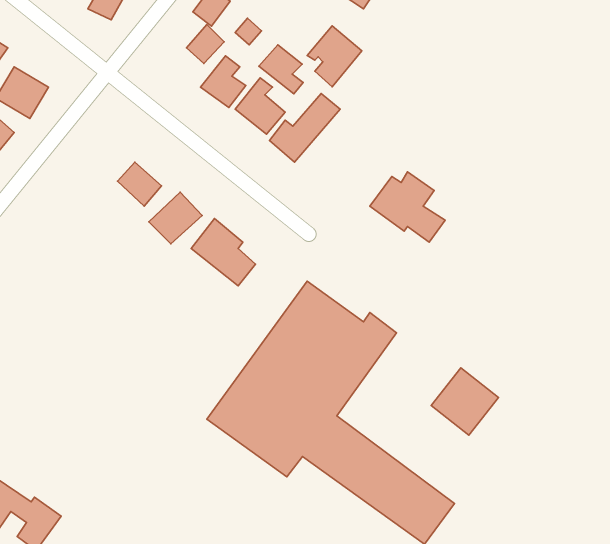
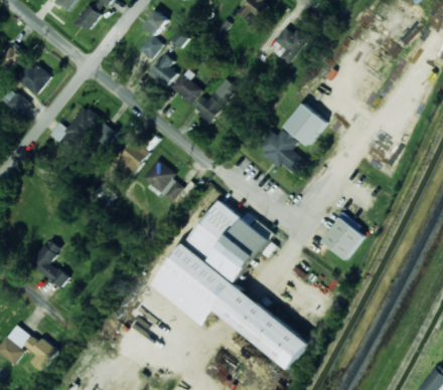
building: [307,26,362,87] -> [272,25,307,64]
building: [259,45,303,94] -> none
building: none -> [284,104,327,146]
building: none -> [49,106,99,153]
building: none -> [30,239,68,288]
building: [431,368,499,435] -> [322,216,365,259]

